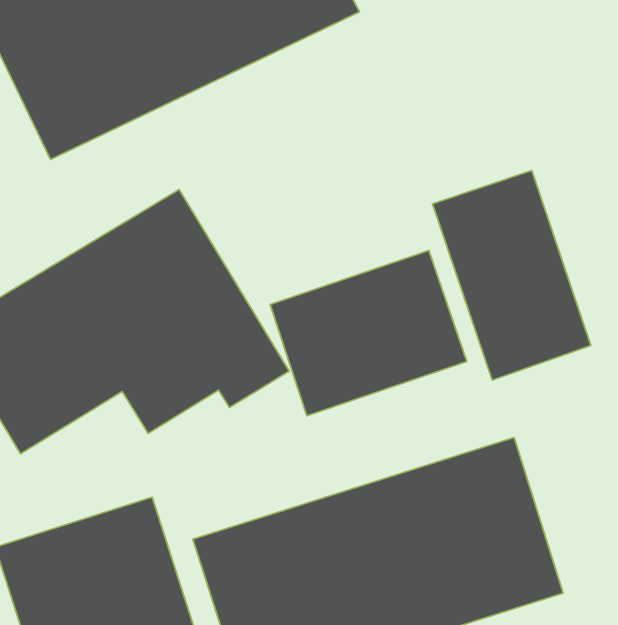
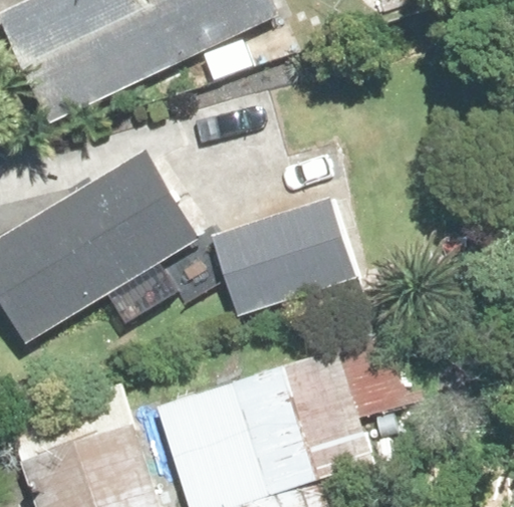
building: [433,171,591,380] -> none

